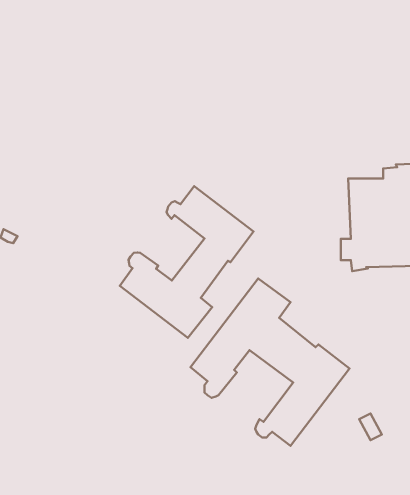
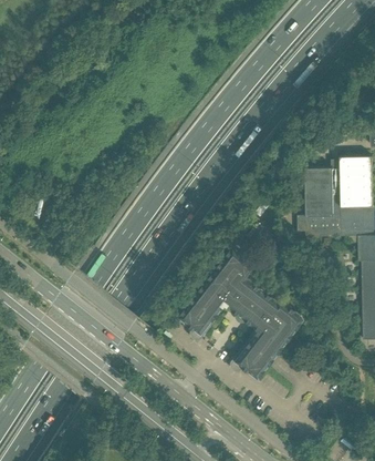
building: [120,186,254,338] -> none

